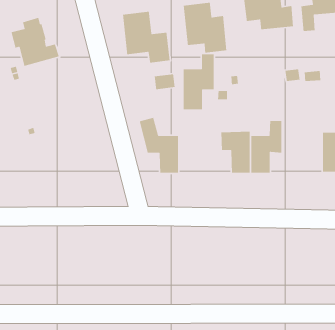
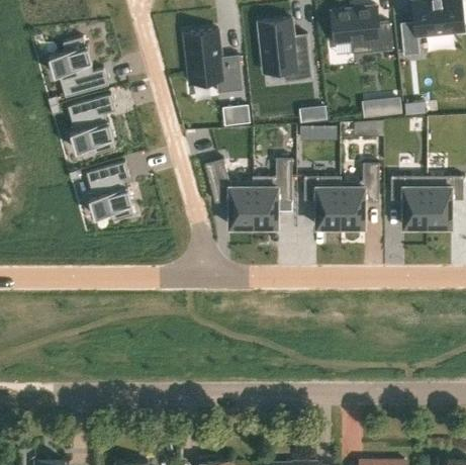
building: [183,53,215,110] -> [253,159,291,227]
building: none -> [68,95,115,155]
building: none -> [86,163,132,221]
building: none -> [390,176,427,227]

